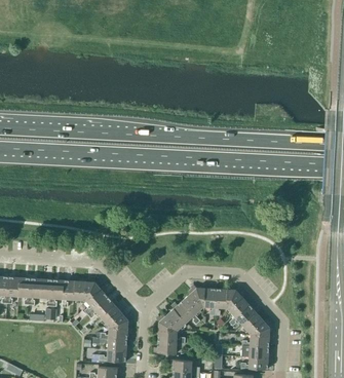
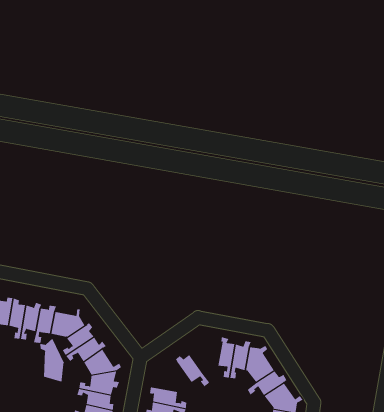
building: [182,286,205,315] -> none
building: none -> [40,338,65,383]
building: [156,310,186,332] -> none

